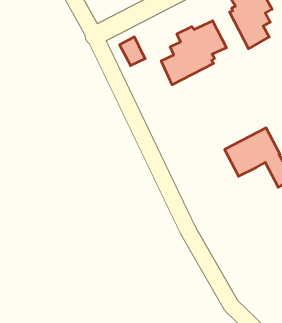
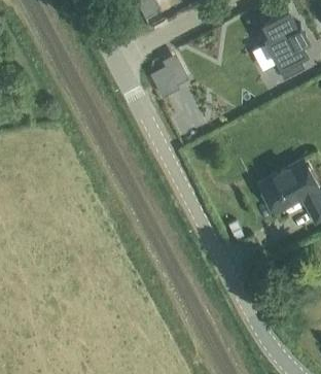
building: [161,21,226,85] -> none

